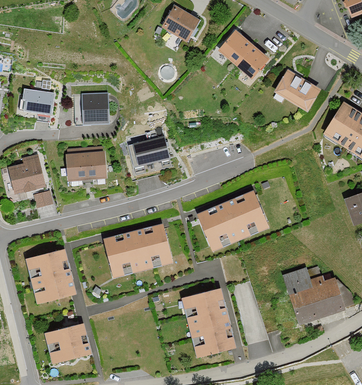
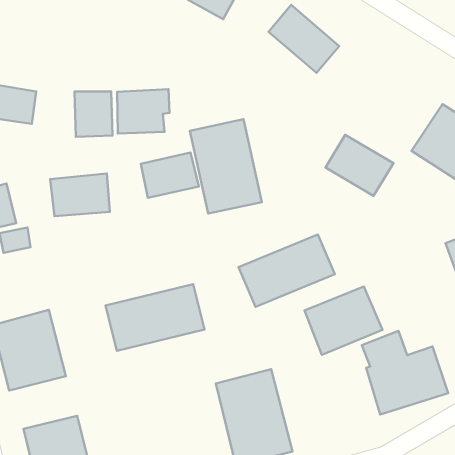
building: [274,69,322,112] -> [325,135,393,196]
building: none -> [117,89,170,133]
building: none -> [190,119,262,214]
building: none -> [305,287,383,355]

